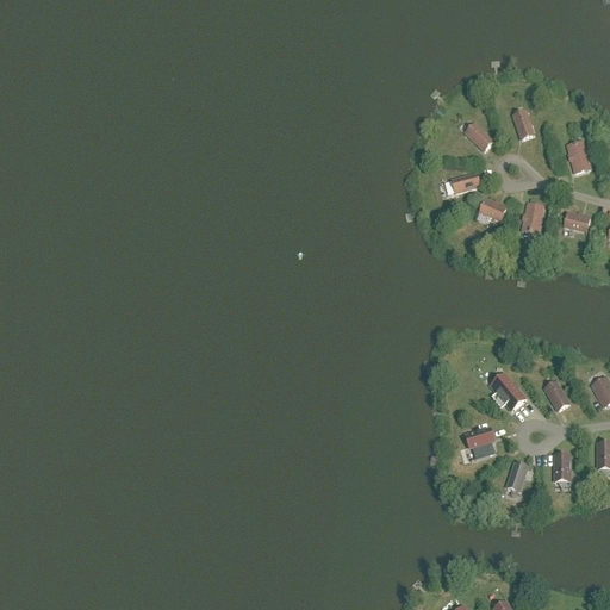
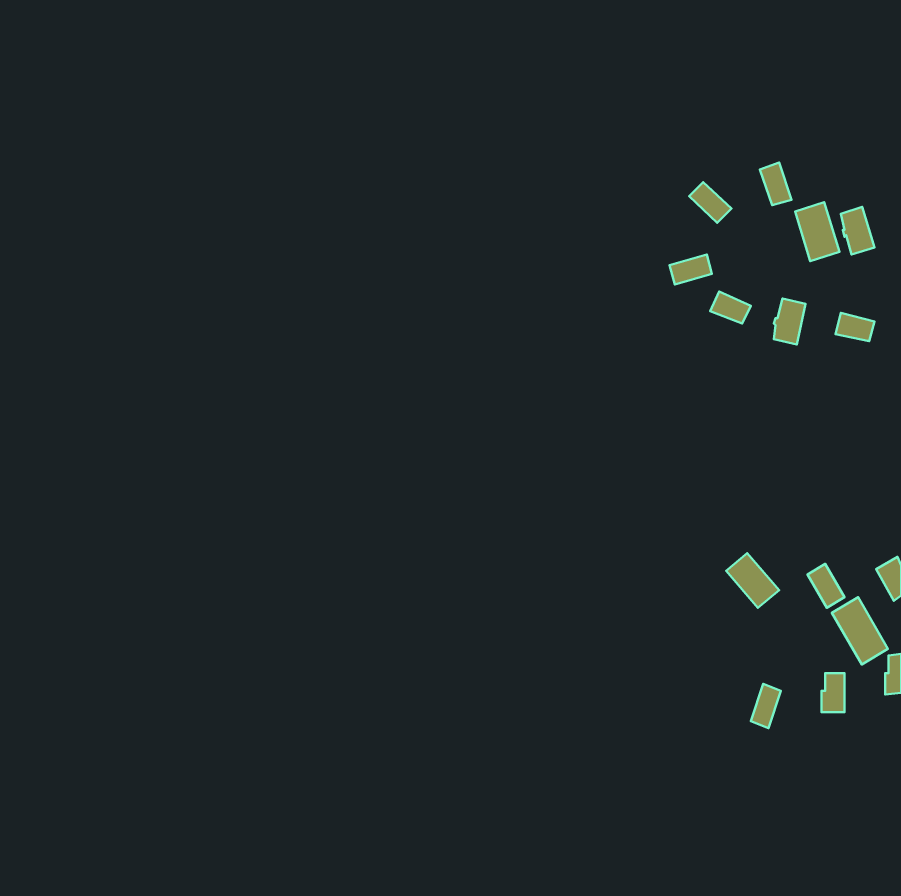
building: none -> [795,202,839,261]
building: none -> [832,597,888,664]
building: [465,427,494,460] -> none

